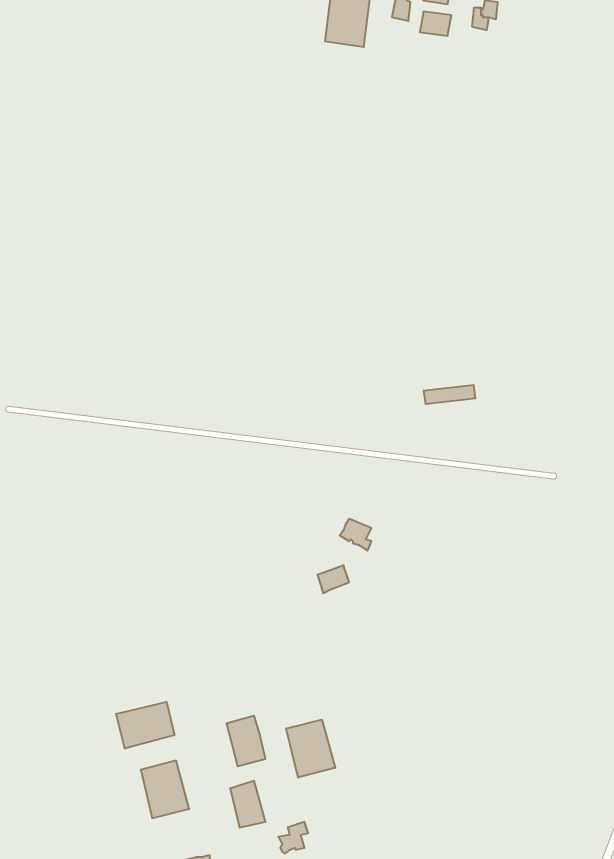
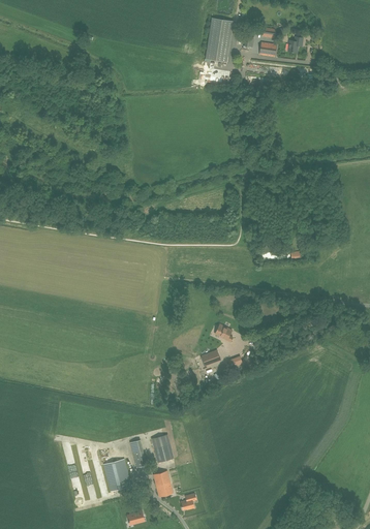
building: [116,702,174,749] -> none
building: [286,720,335,778] -> none

